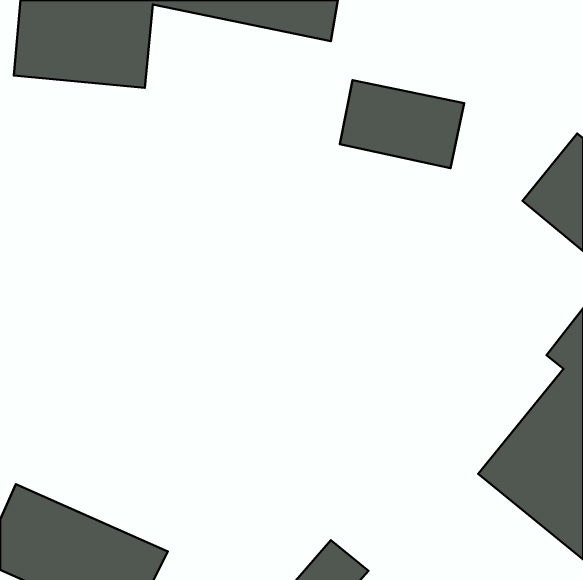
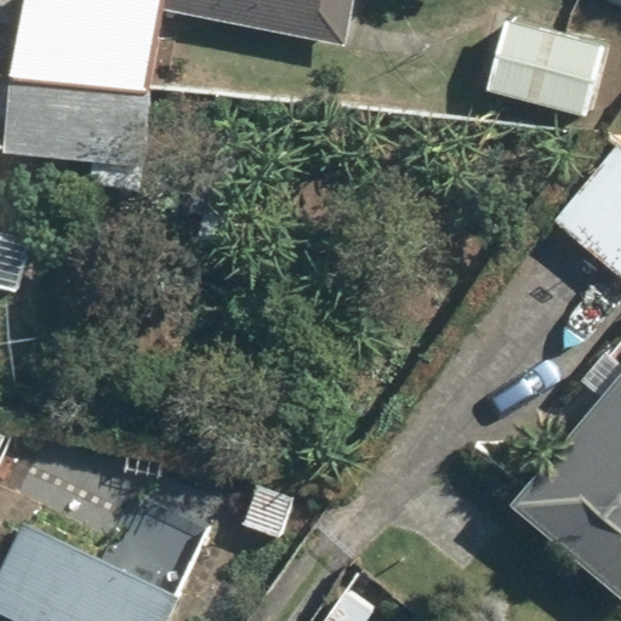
building: none -> [7,84,154,167]
building: [340,80,464,168] -> [478,16,610,109]

